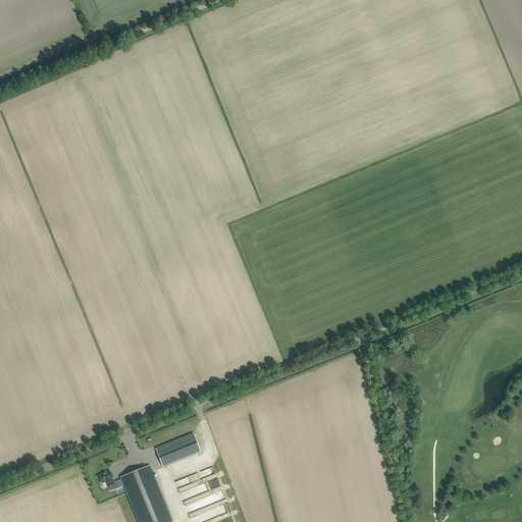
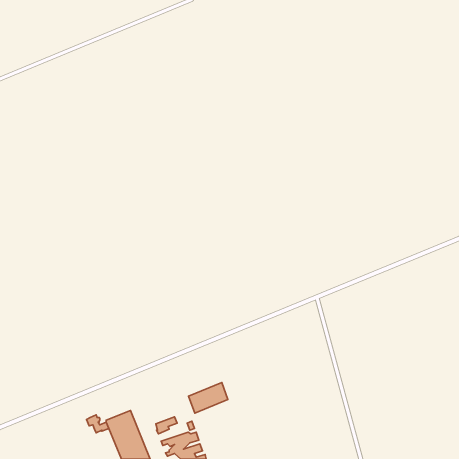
building: [155,432,200,467] -> [188,383,228,413]

